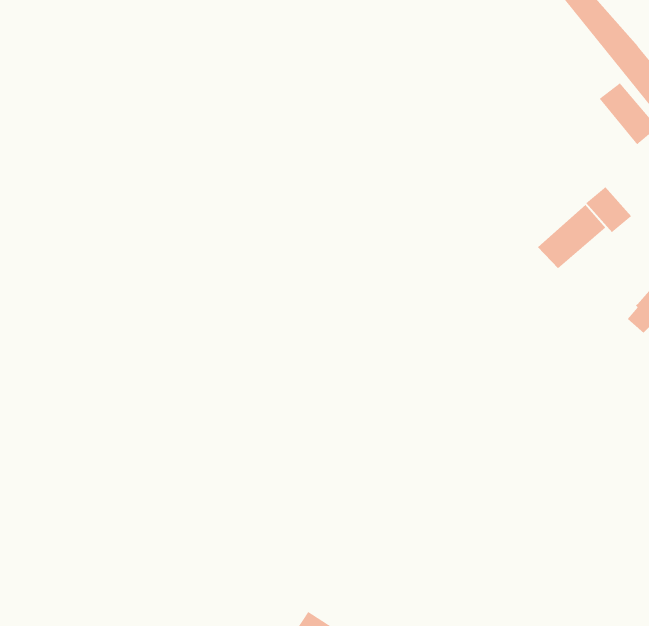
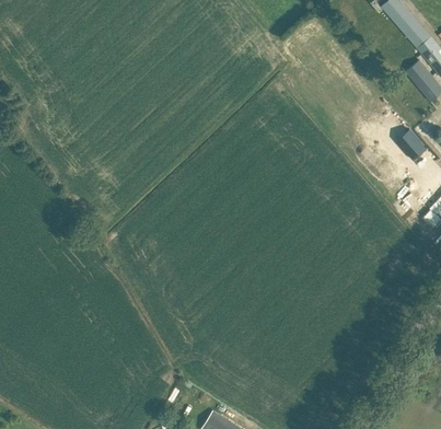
building: [537,204,606,269] -> none

